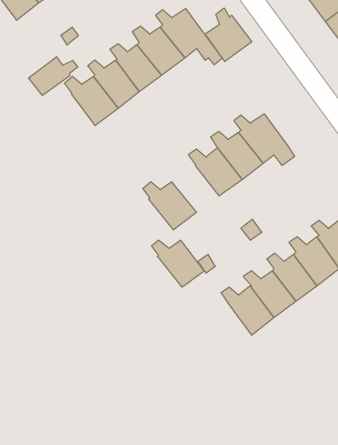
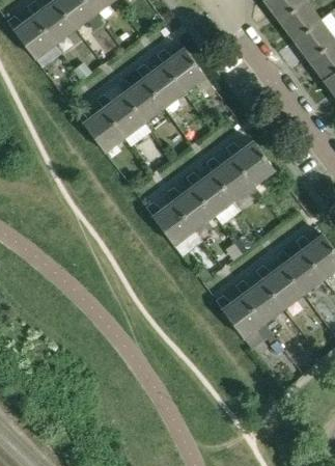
building: [205,8,252,62] -> none
building: [29,57,78,96] -> none
building: [152,240,204,287] -> [168,188,215,229]

